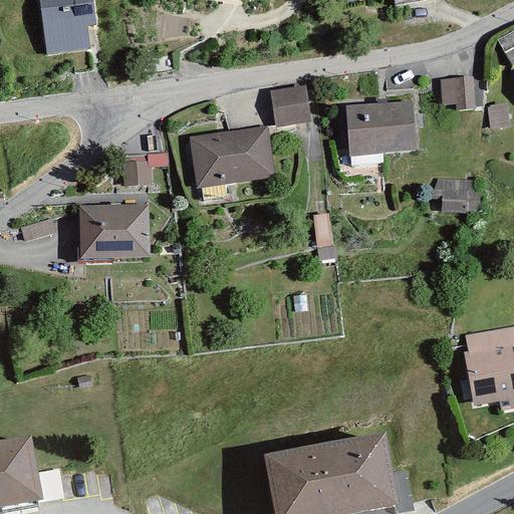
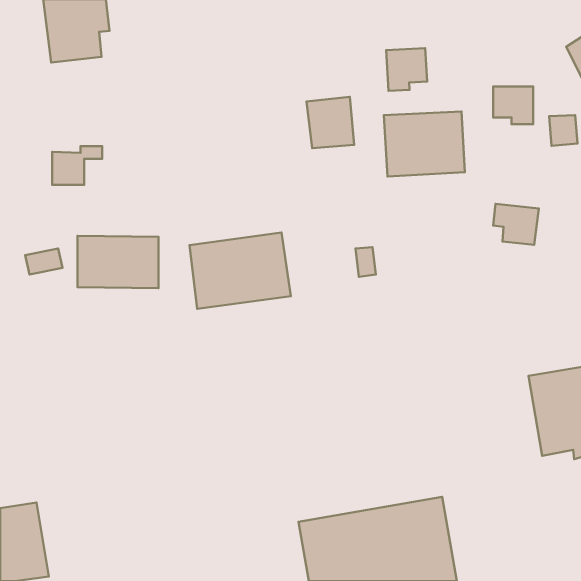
building: none -> [386,48,427,91]
building: [181,122,270,190] -> [189,233,291,309]
building: [123,155,168,189] -> [52,146,102,185]

